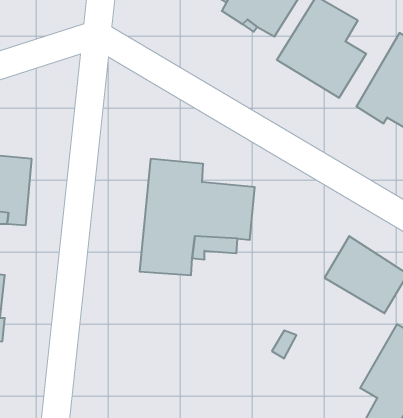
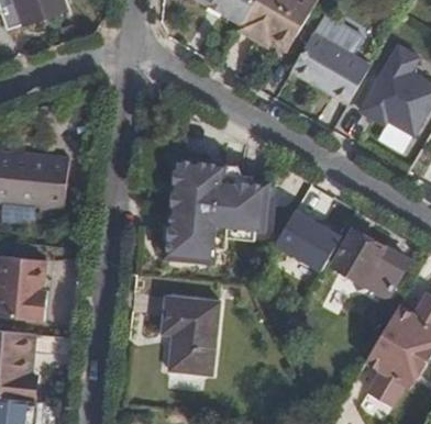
building: none -> [275,209,340,270]
building: none -> [162,297,220,376]

